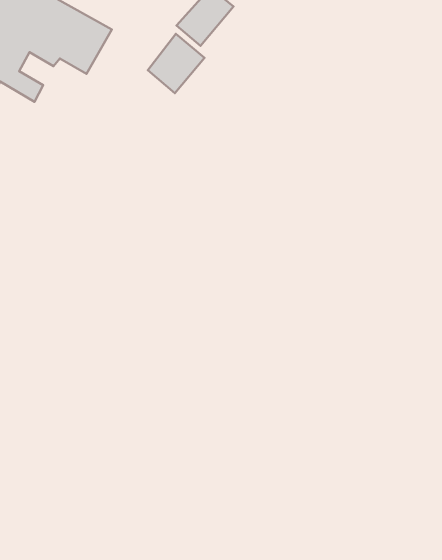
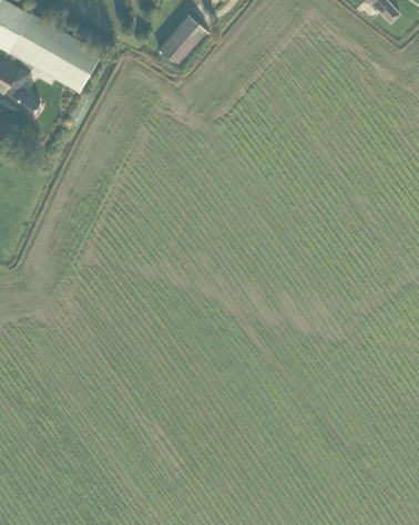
building: [148,34,204,93] -> none

